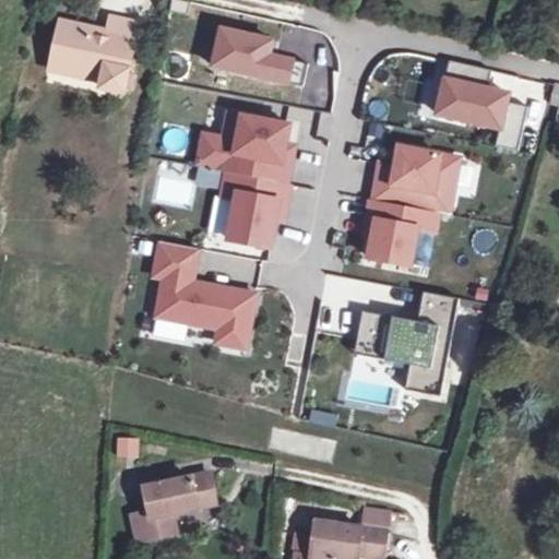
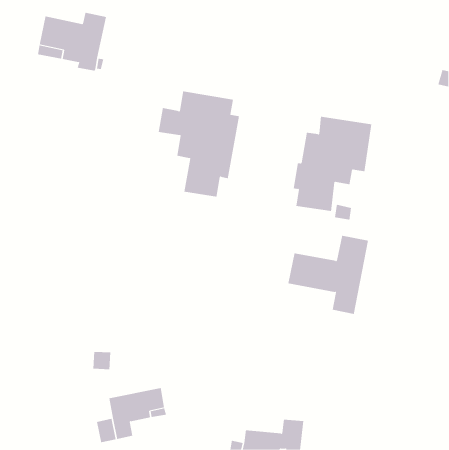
building: [212,26,293,81] -> none
building: [437,78,524,147] -> none
building: [152,240,257,347] -> none

